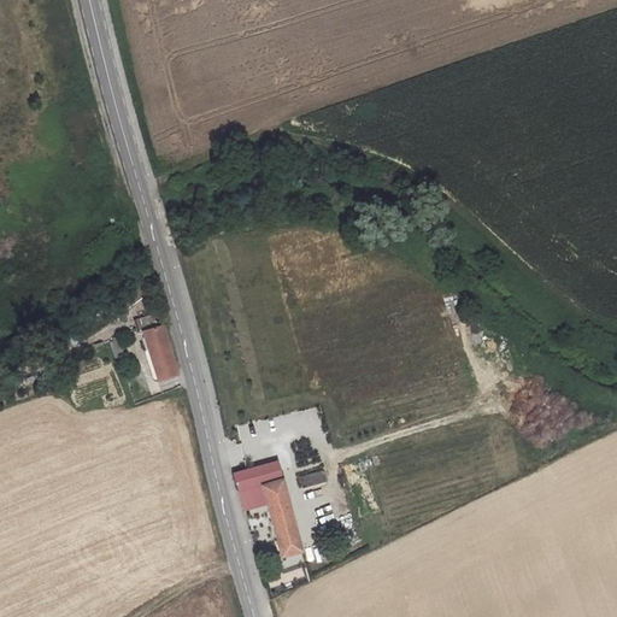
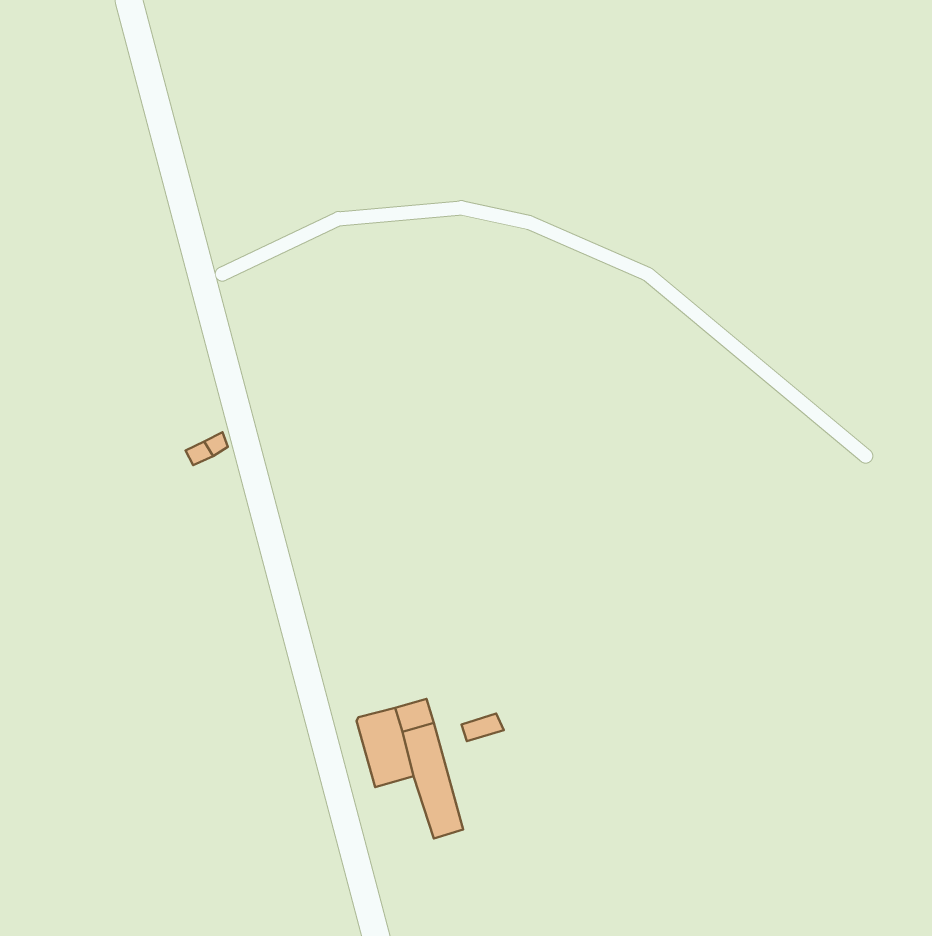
building: [131,322,169,381] -> none

